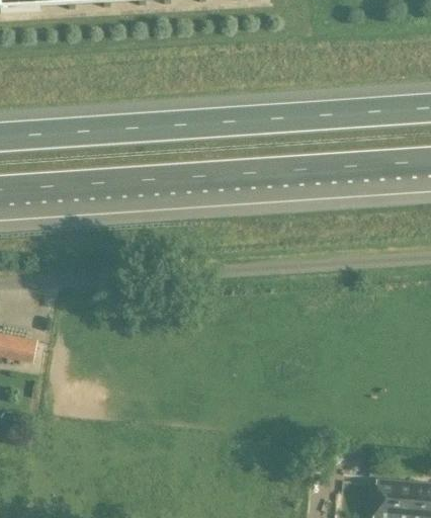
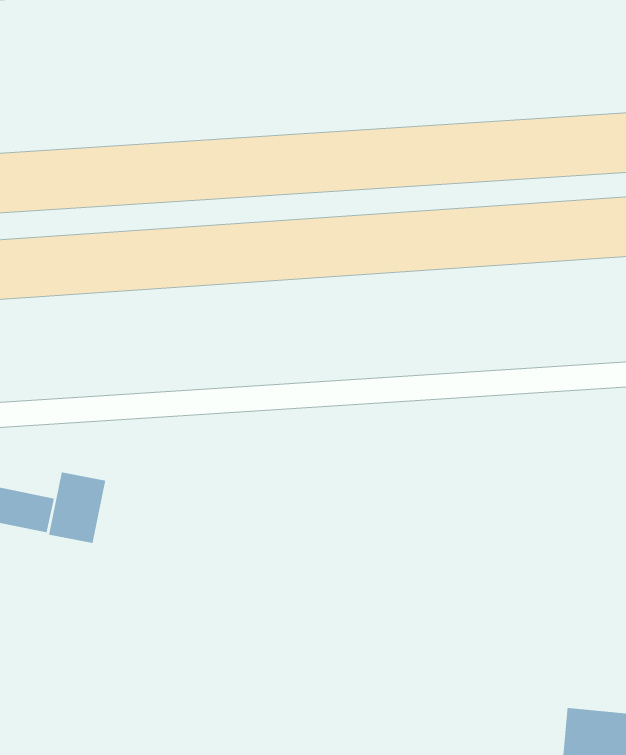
building: none -> [48,471,106,544]

